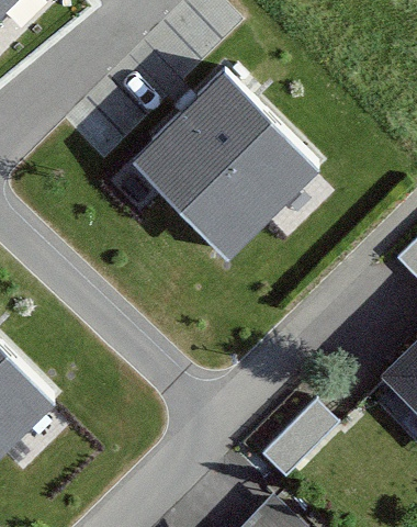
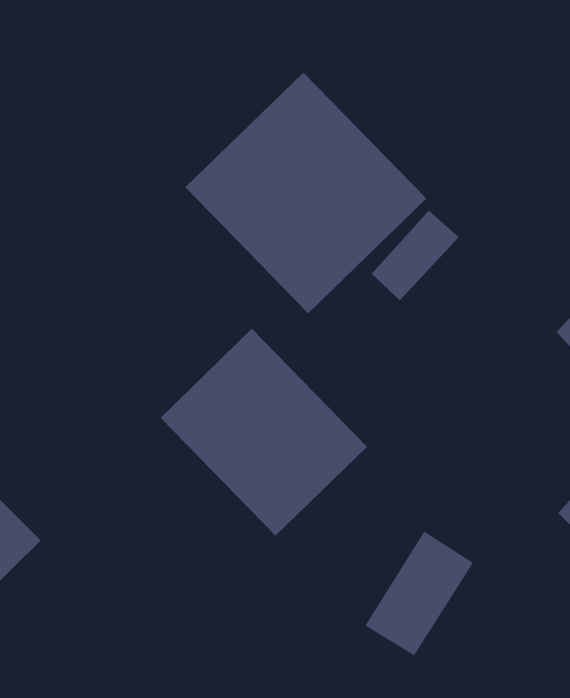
building: none -> [160,328,368,537]

